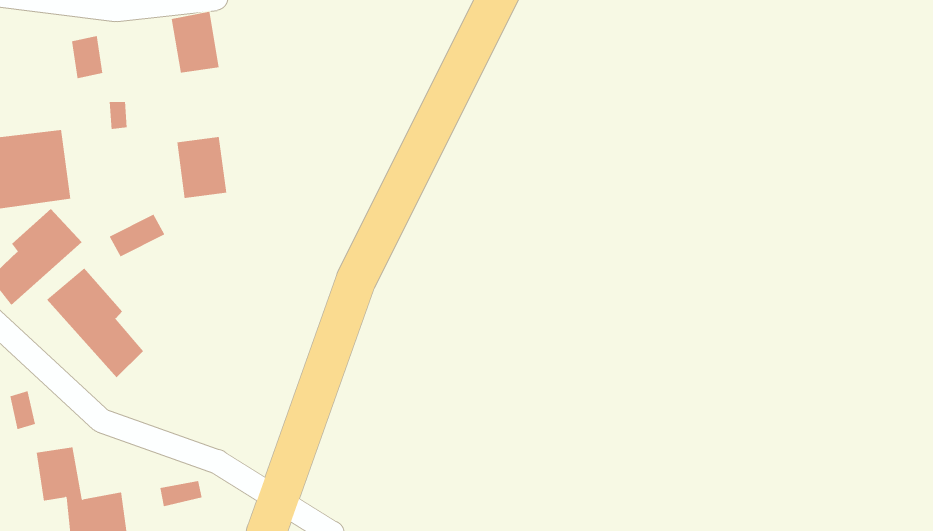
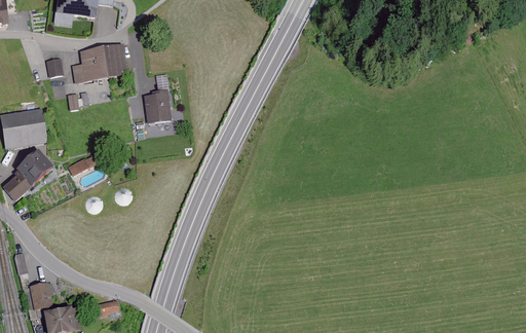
building: none -> [71,45,106,80]
building: [176,137,227,198] -> [143,87,171,121]
building: [46,268,144,378] -> none

